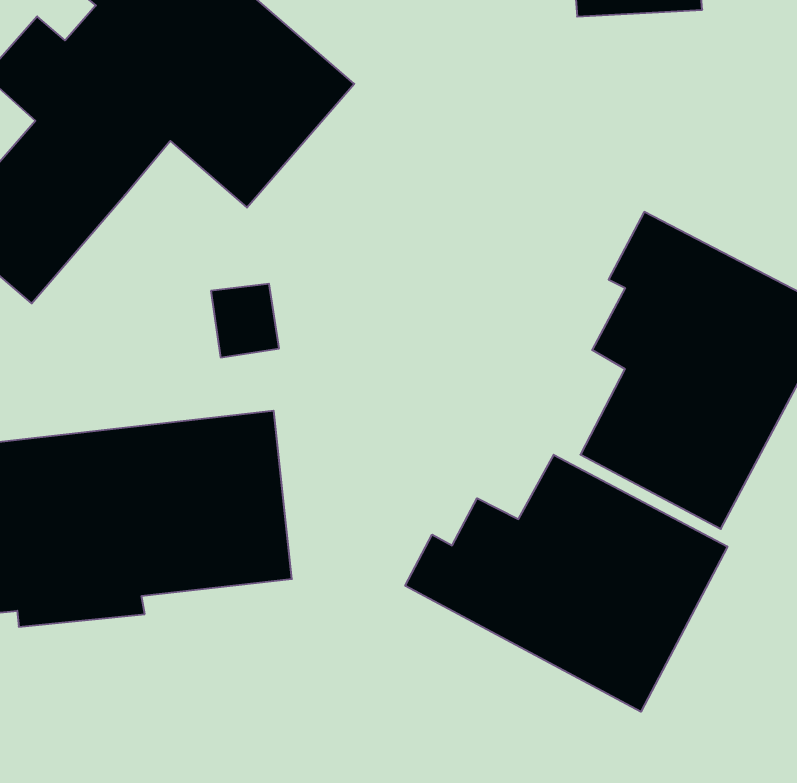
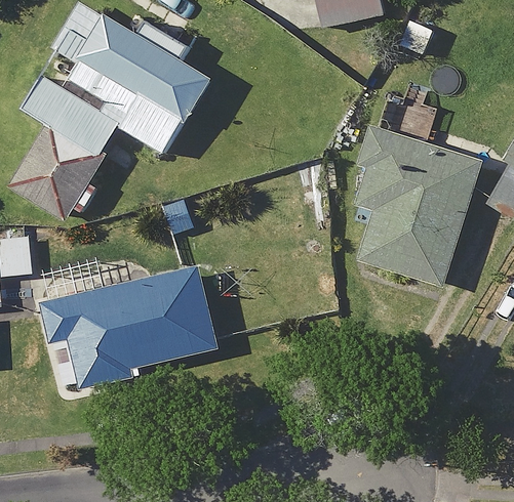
building: [405,455,727,712] -> none

